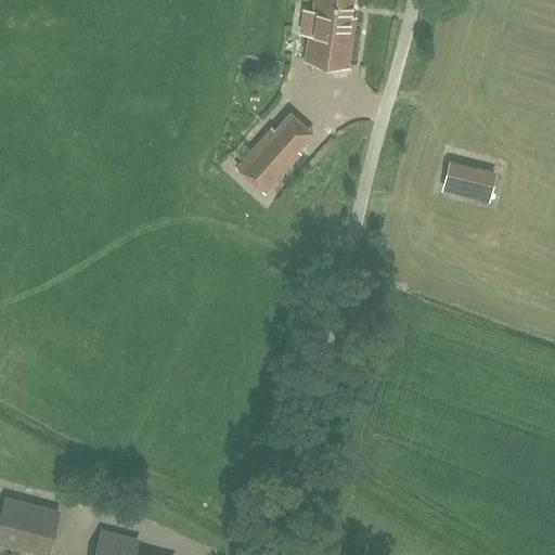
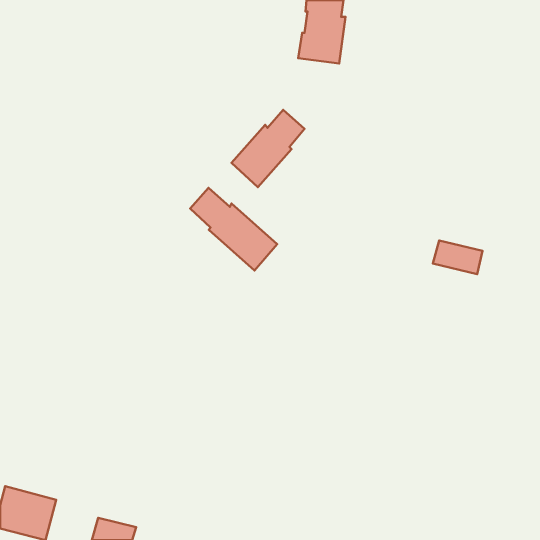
building: [443,165,494,199] -> [433,240,483,274]
building: none -> [190,188,277,271]

